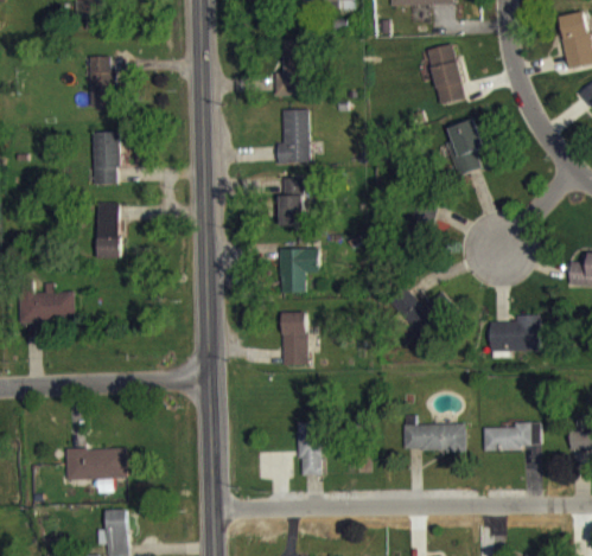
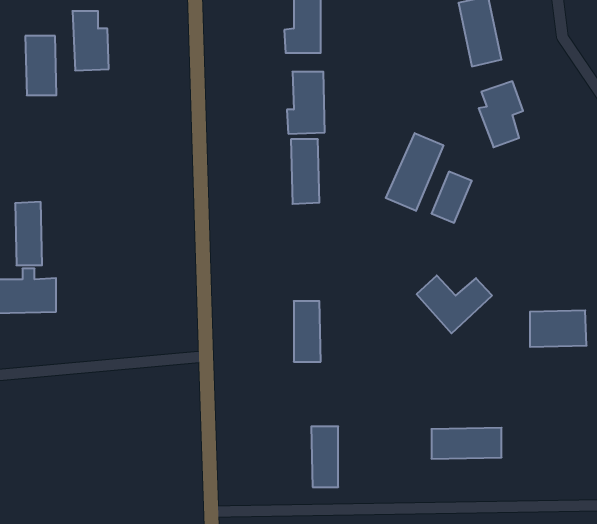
building: [93,133,120,185] -> [25,36,56,95]
building: none -> [386,133,443,211]
building: [96,203,120,258] -> [15,202,42,265]
building: [279,249,319,290] -> none
building: [483,422,541,449] -> none
building: [65,448,127,480] -> none

